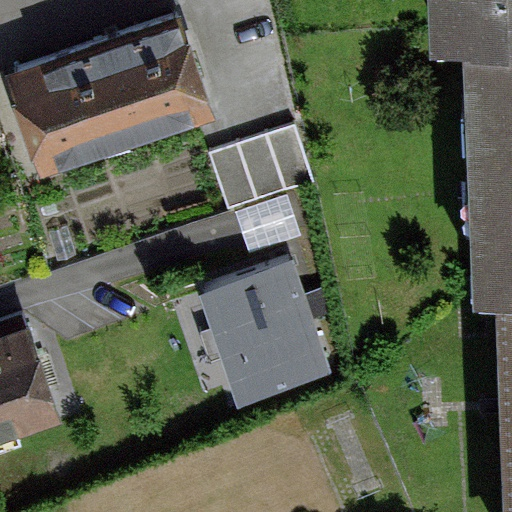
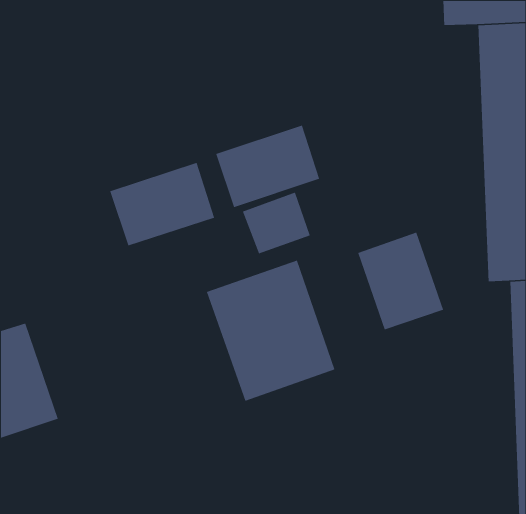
building: [7,17,208,171] -> none
building: none -> [109,162,215,246]
building: none -> [357,232,444,331]

